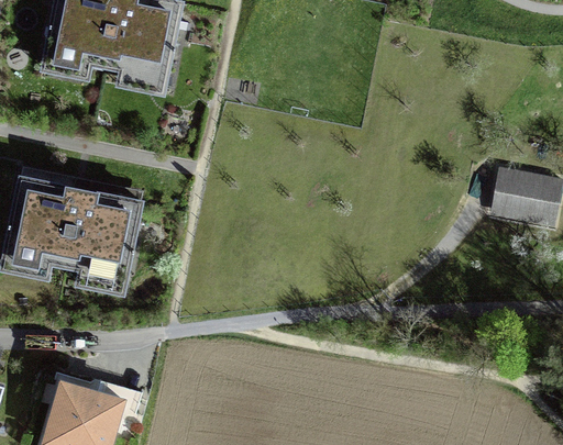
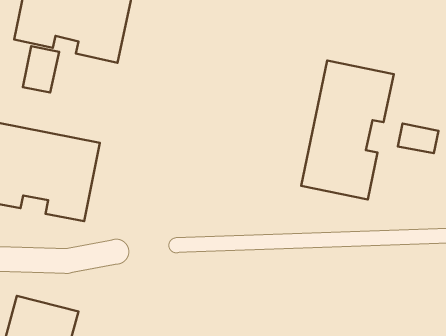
building: none -> [23,46,59,92]
building: none -> [301,60,394,200]

